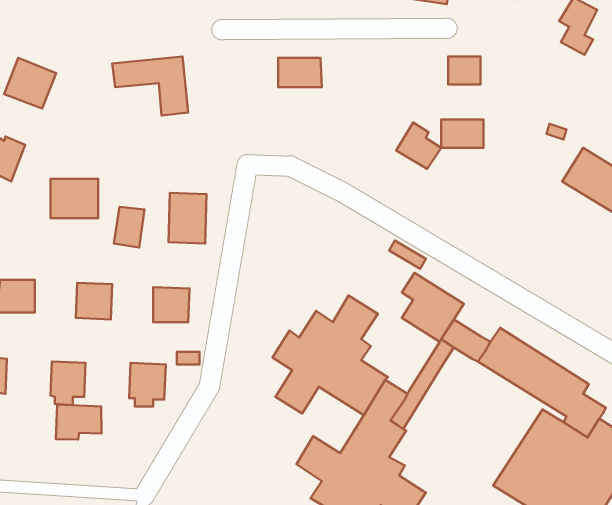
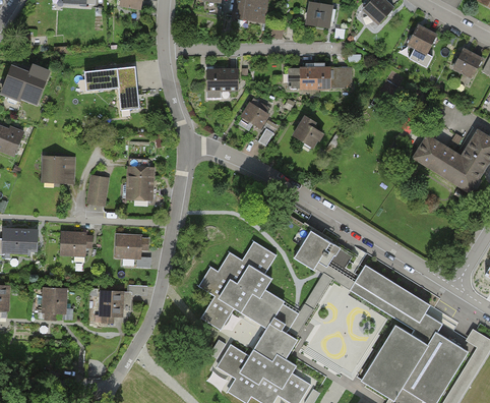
building: none -> [236,97,273,133]
building: [441,120,483,148] -> [298,68,328,89]
building: [56,404,102,440] -> none

